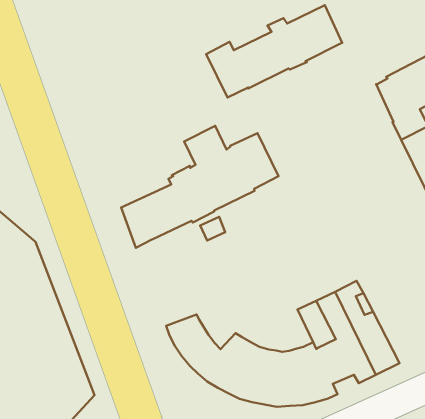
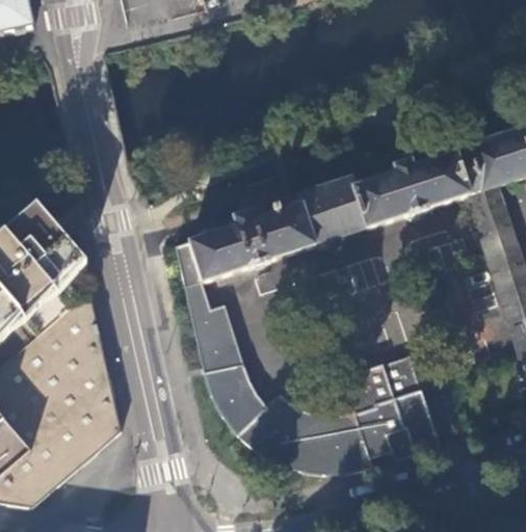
building: [206,5,342,97] -> [327,152,470,233]
building: none -> [185,280,238,371]

